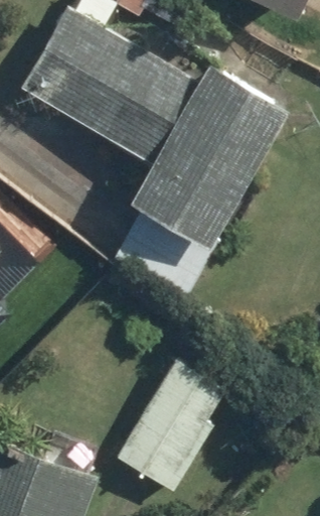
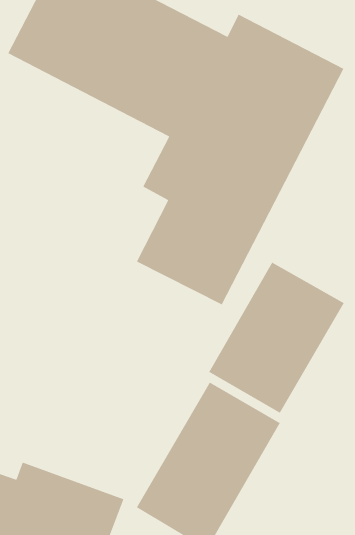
building: none -> [208,262,345,414]

